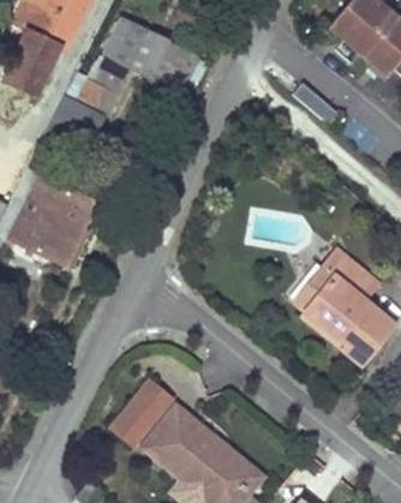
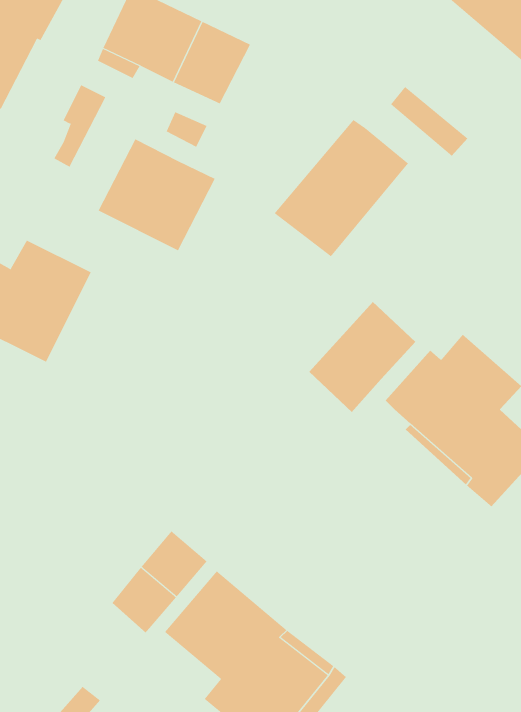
building: none -> [274,119,409,257]
building: none -> [98,139,215,251]
building: none -> [309,301,416,413]

